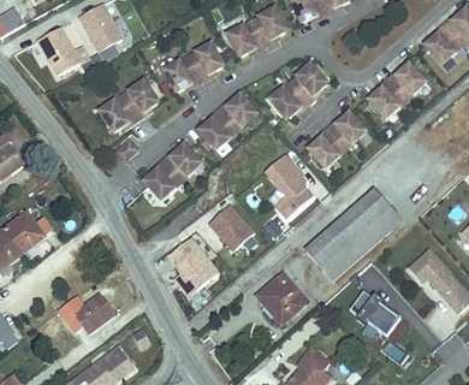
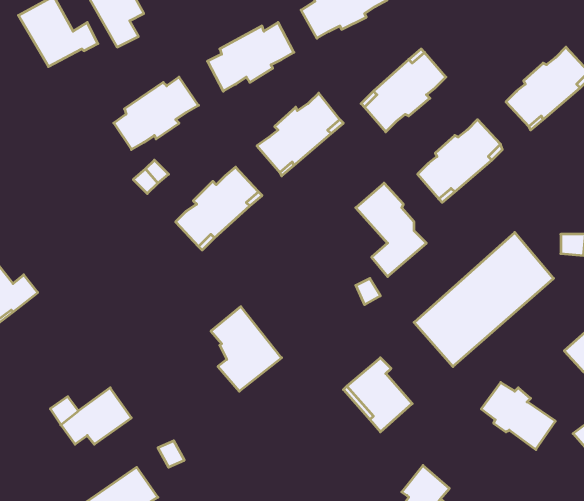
building: [207,202,253,248] -> none

